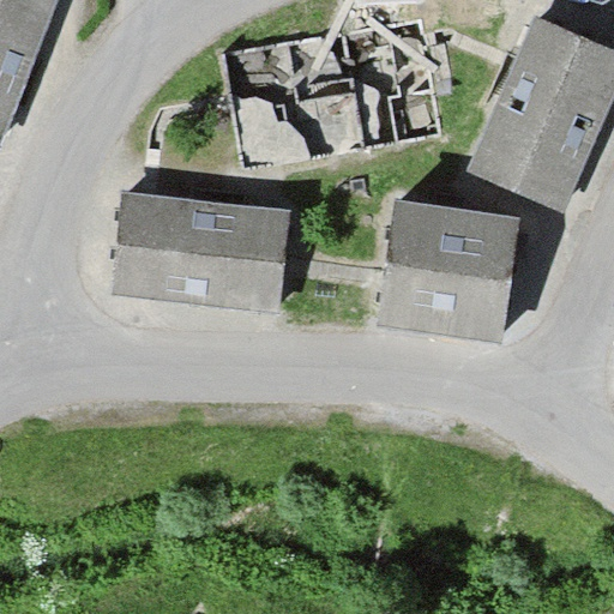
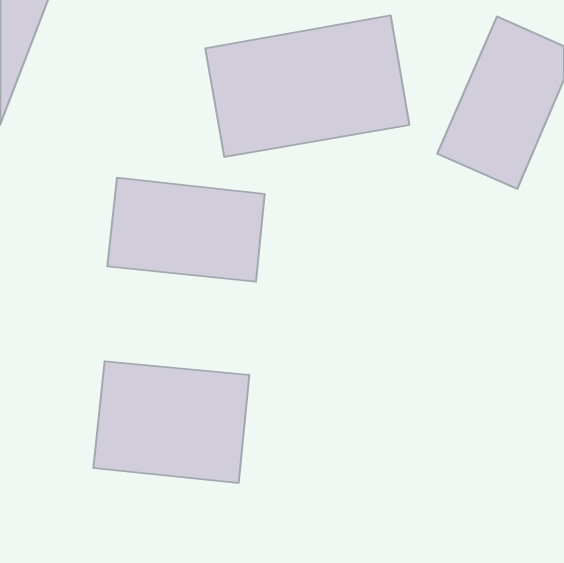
building: [383,200,518,336] -> none
building: none -> [93,361,249,483]

